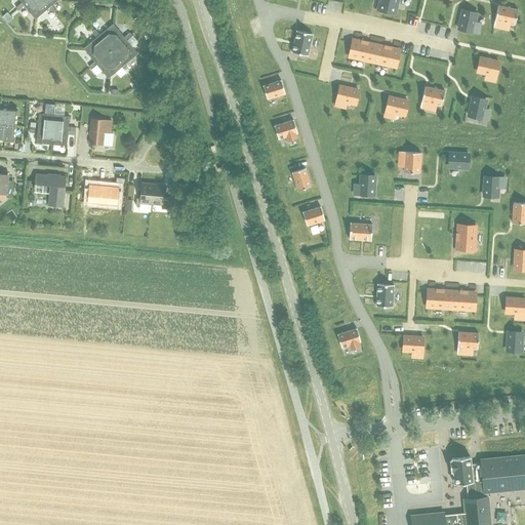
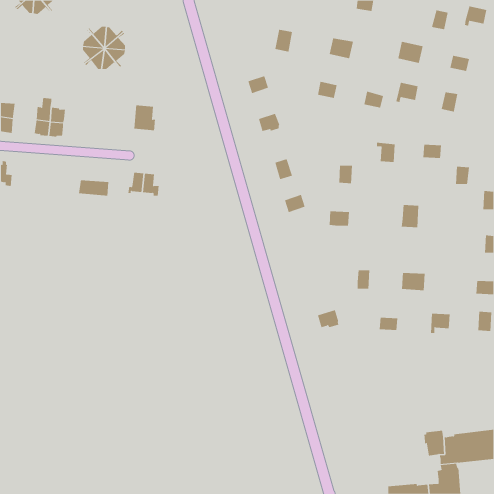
building: [371,44,399,68] -> [397,41,423,63]
building: [89,118,113,146] -> [133,105,156,131]
building: [33,173,66,207] -> none
building: [455,225,475,249] -> [401,205,419,228]
building: [450,290,475,310] -> none

